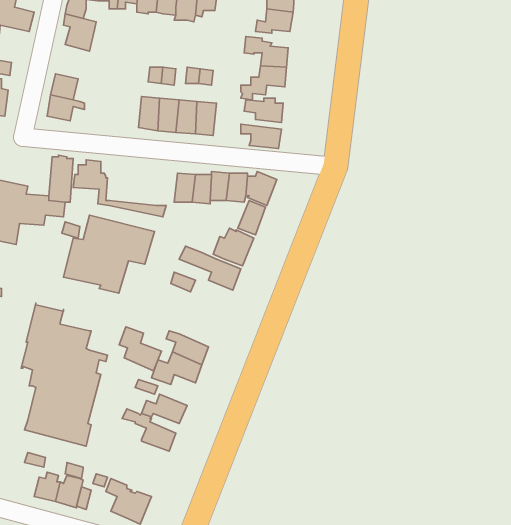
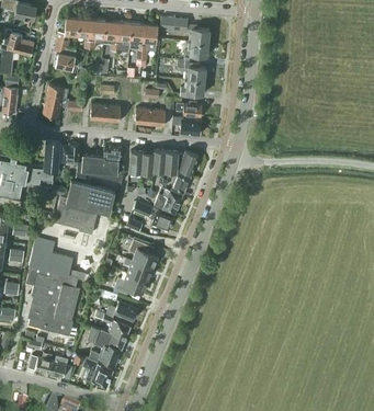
building: none -> [83,147,125,174]
building: [119,327,162,371] -> [129,240,158,270]
building: none -> [88,327,126,366]

